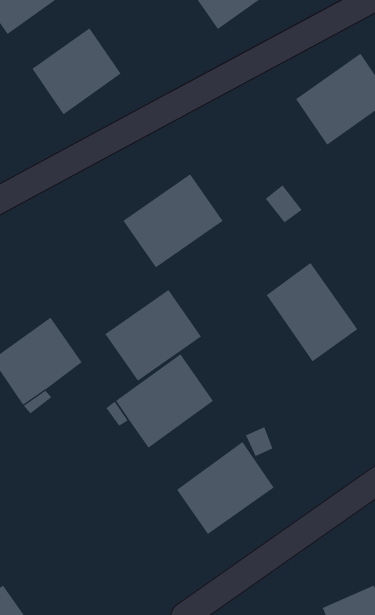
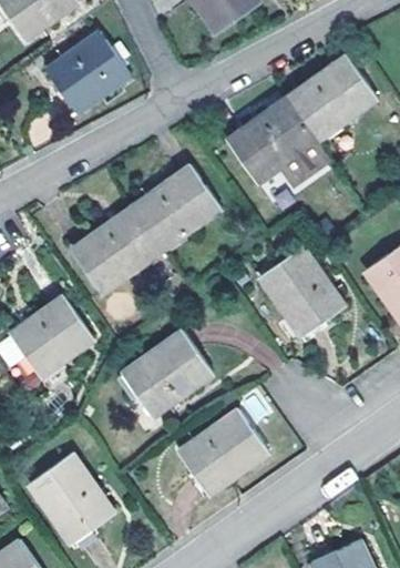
building: none -> [226,97,329,184]
building: [105,289,202,382] -> [71,207,160,292]
building: none -> [30,450,113,541]

